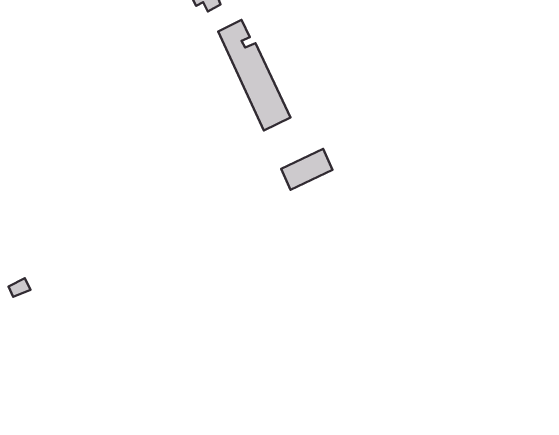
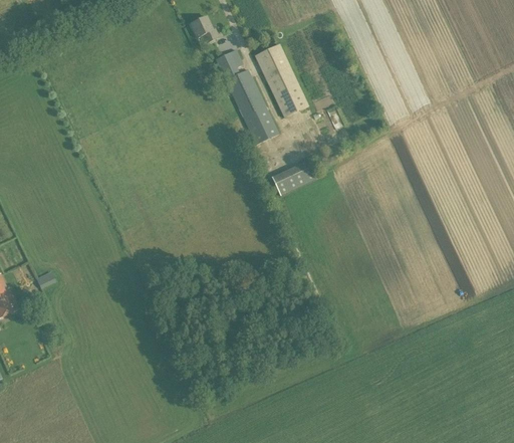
building: none -> [253,44,306,117]

